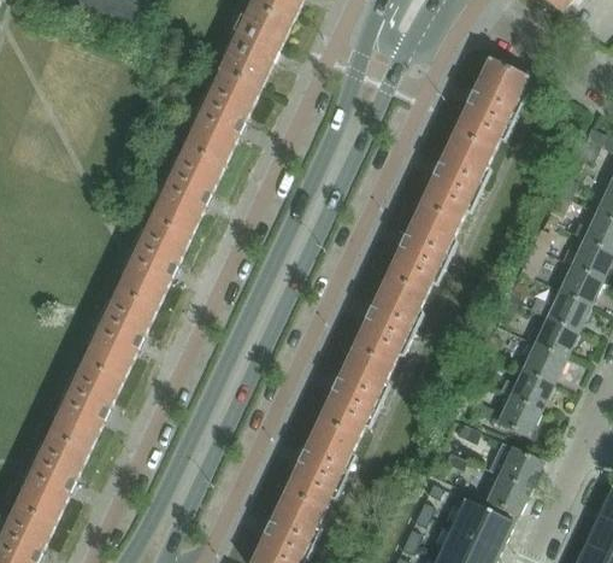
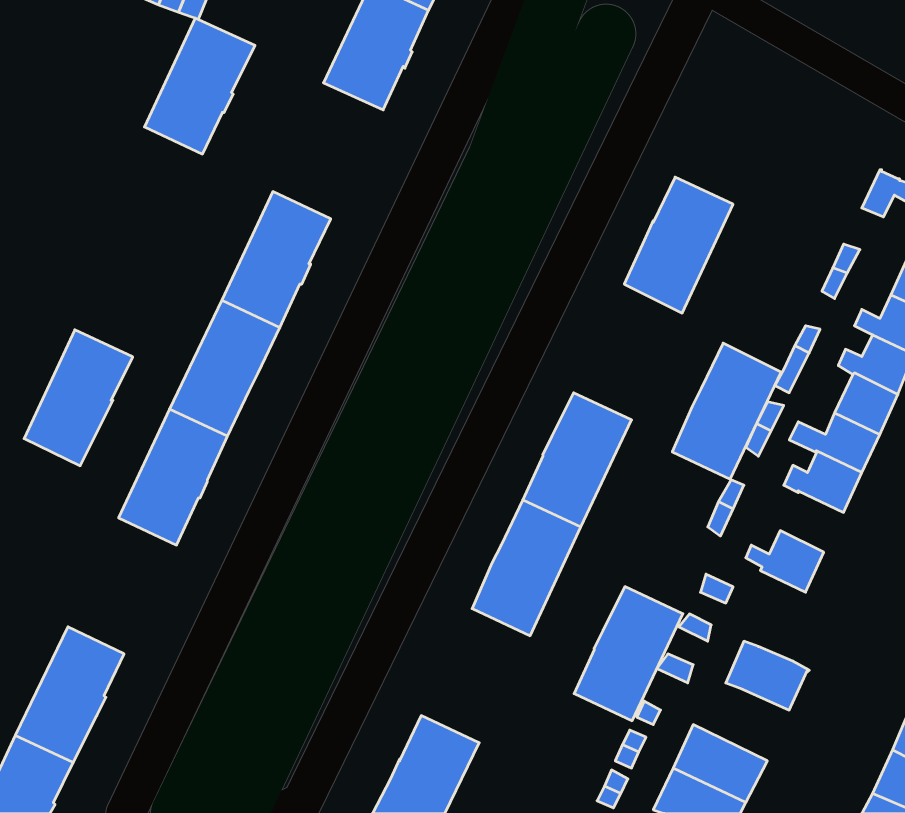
building: [453,59,526,152] -> none
building: [185,71,259,162] -> [144,18,255,154]
building: [385,205,458,295] -> [672,343,781,479]
building: [523,342,565,383] -> none
building: [49,360,122,451] -> [24,330,133,466]
building: [489,395,540,436] -> none
building: [284,421,356,510] -> [574,587,683,721]
building: [484,474,529,514] -> none

